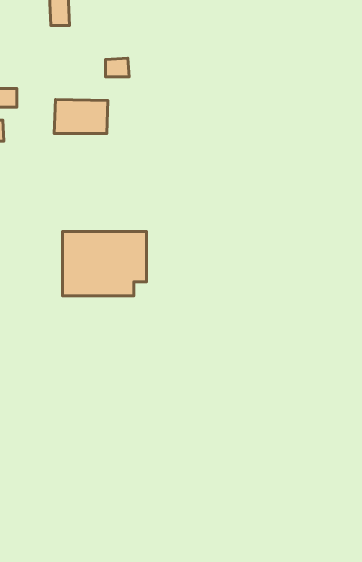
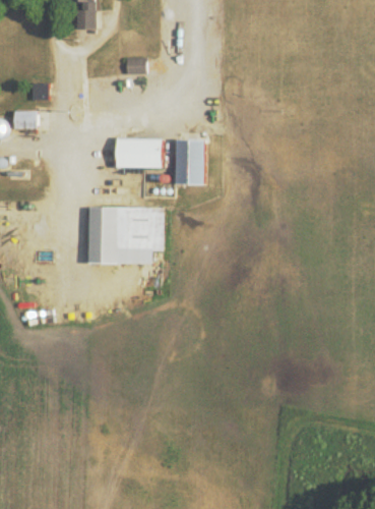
building: [54,99,108,133] -> [116,138,163,168]
building: none -> [176,139,204,185]

